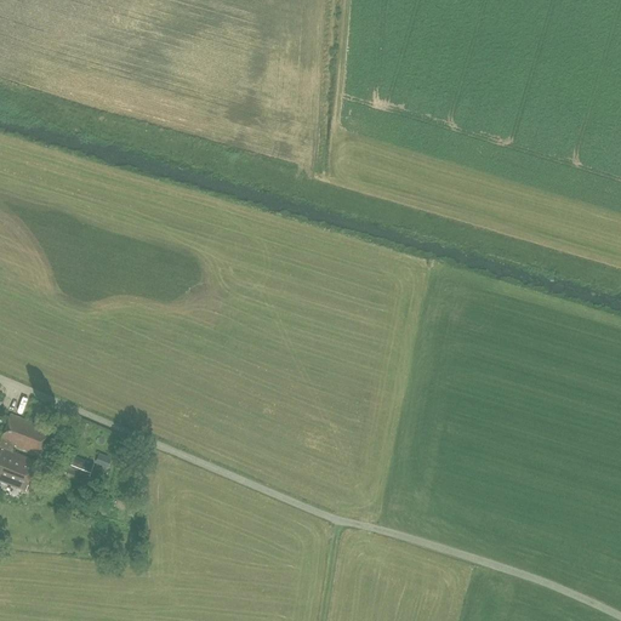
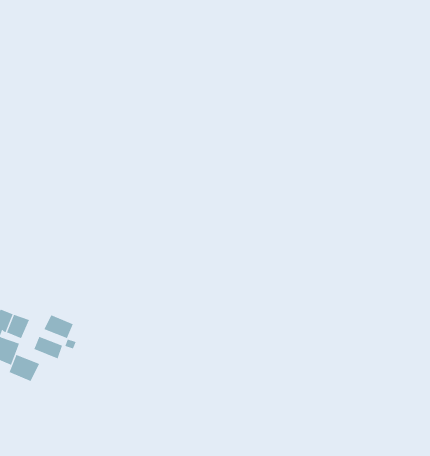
building: none -> [43,315,73,339]
building: none -> [9,354,40,382]

